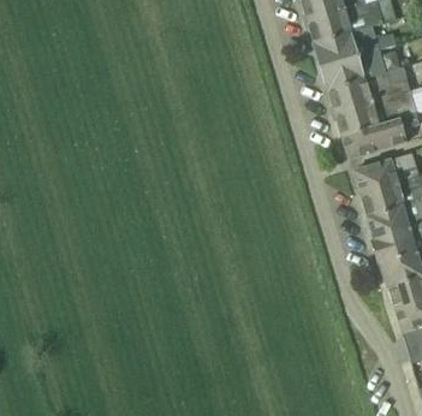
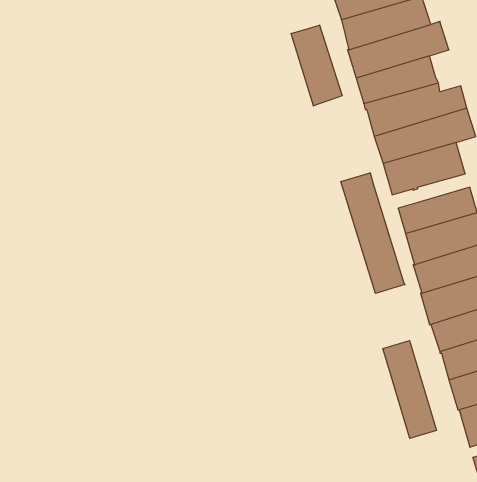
building: none -> [291,25,342,106]
building: none -> [341,173,405,293]
building: none -> [383,341,437,438]

